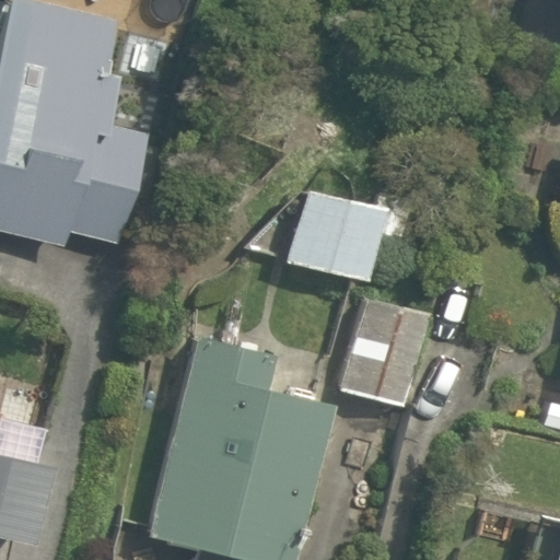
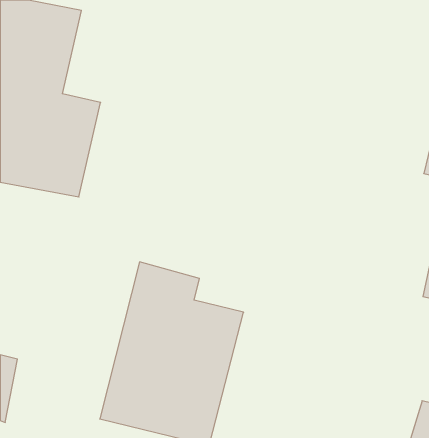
building: [264,184,370,280] -> none
building: [334,279,425,406] -> none

